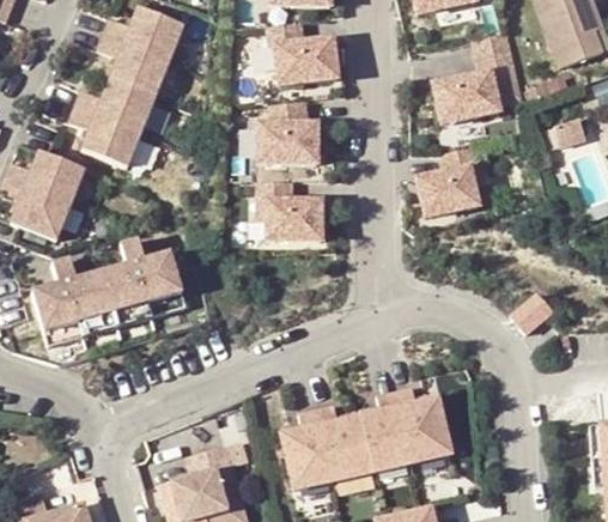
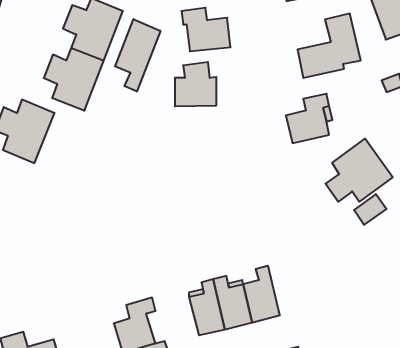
building: none -> [115,19,160,92]
building: [257,181,322,239] -> none
building: none -> [325,139,393,202]
building: [34,238,187,344] -> none
building: [391,389,448,463] -> none

